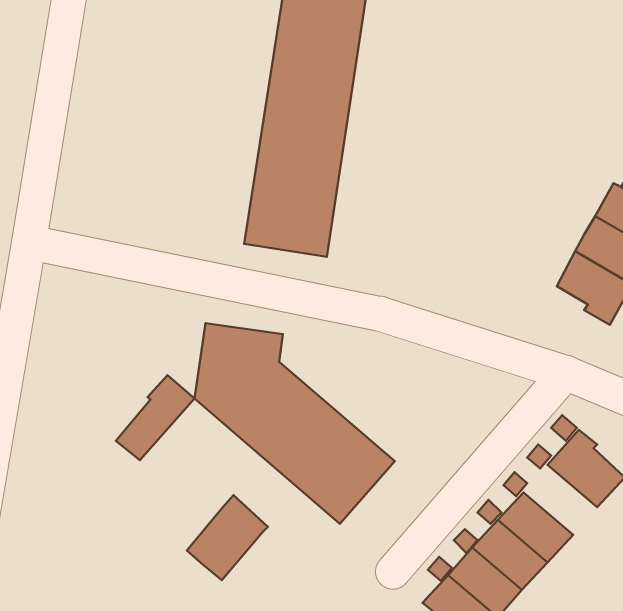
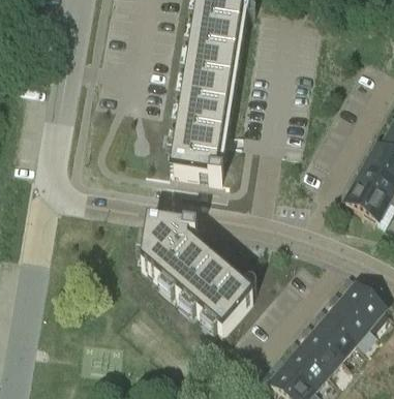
building: [116,375,195,460] -> none
building: none -> [328,302,369,341]
building: [187,495,268,580] -> none

